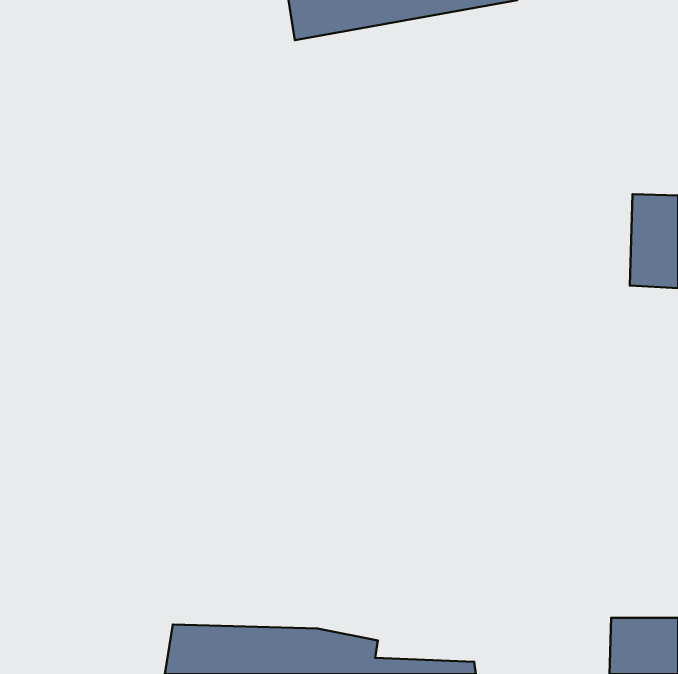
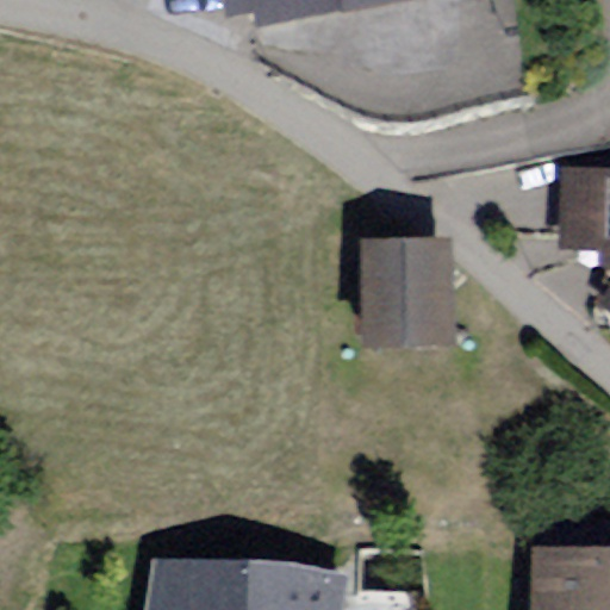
building: none -> [373,253,453,357]

